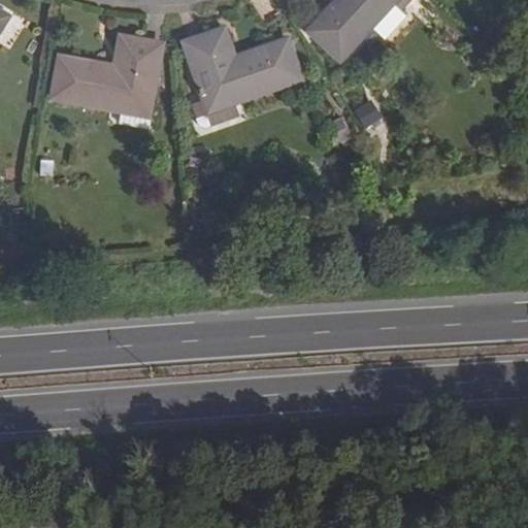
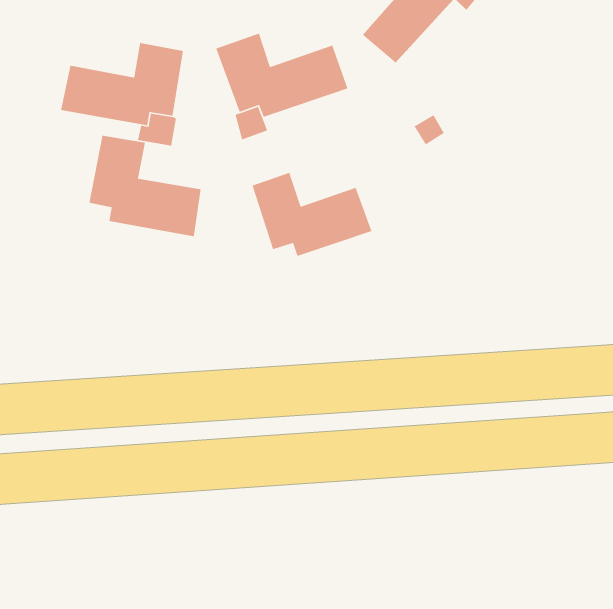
building: none -> [89,135,202,237]
building: none -> [252,172,373,257]

